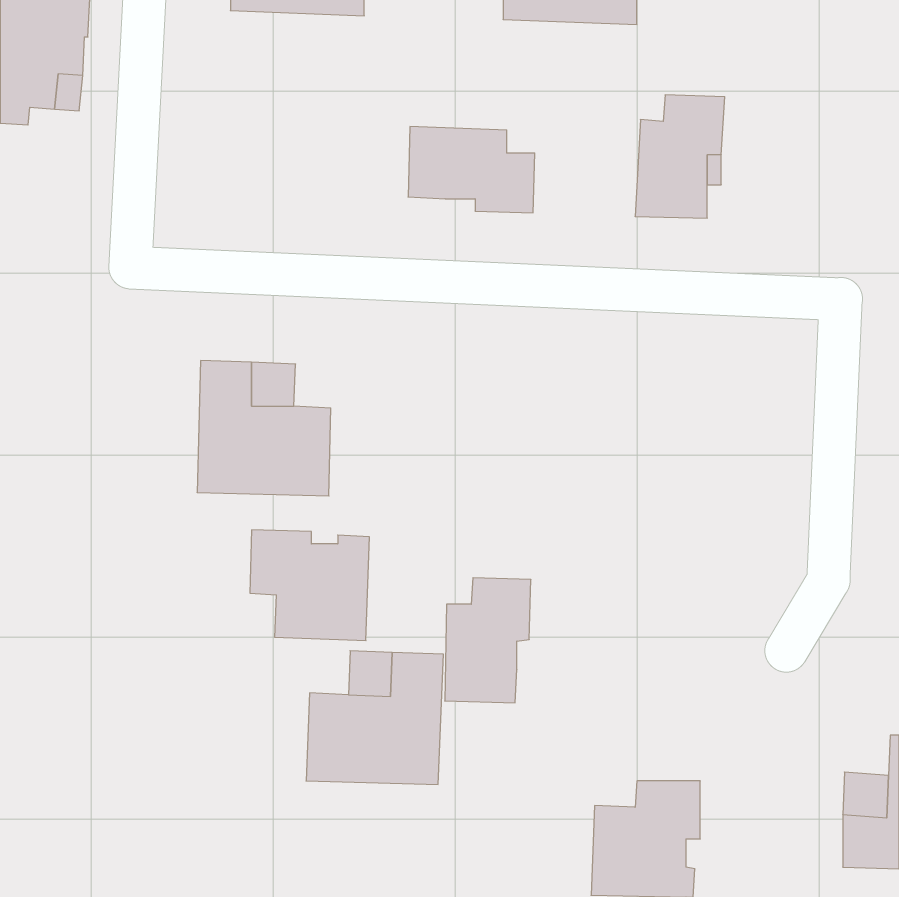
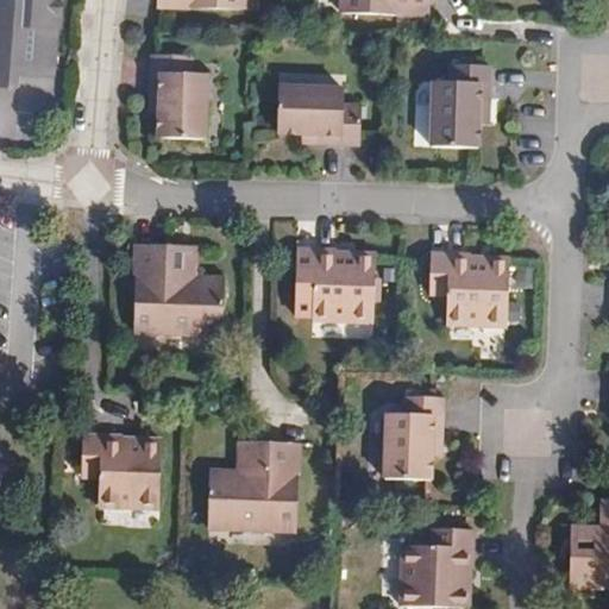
building: none -> [149,54,207,140]
building: none -> [295,247,376,321]
building: none -> [428,251,510,326]
building: [250,530,369,641] -> [81,433,162,508]
building: [445,578,531,703] -> [384,395,442,479]

